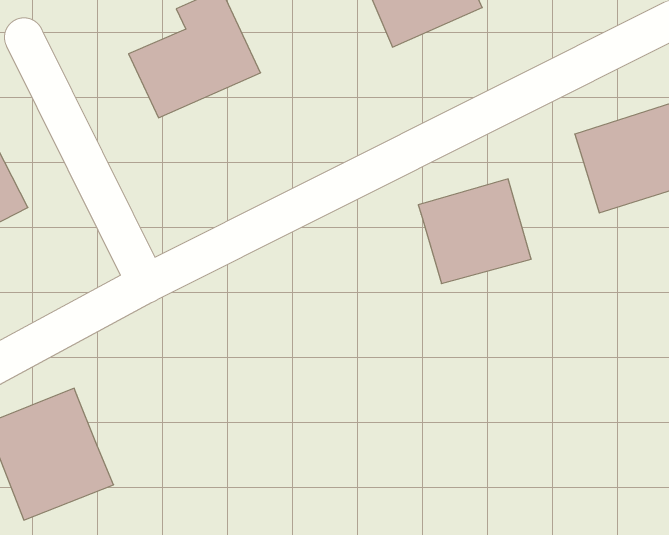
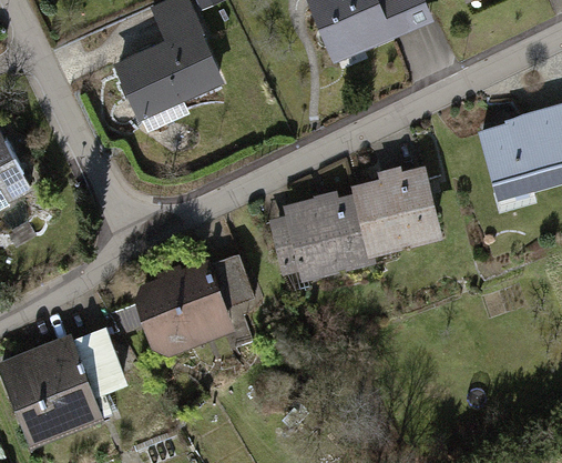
building: none -> [267,194,372,281]
building: none -> [140,252,255,350]
building: none -> [73,333,117,383]

